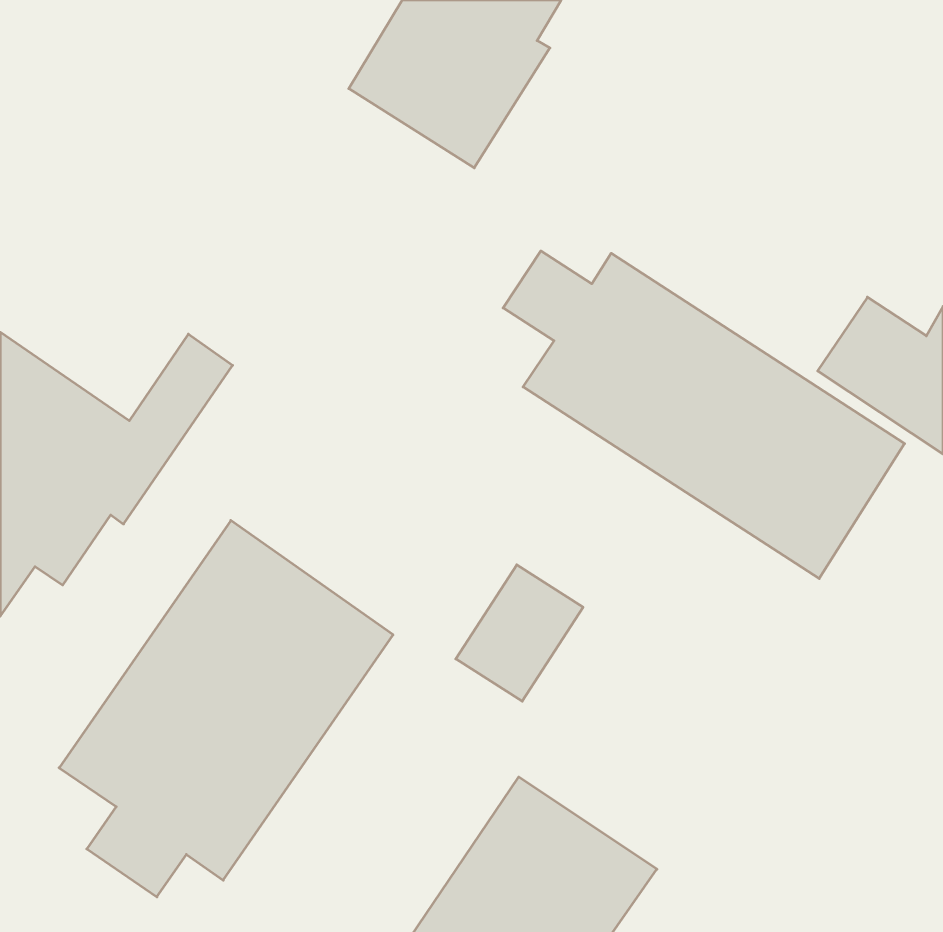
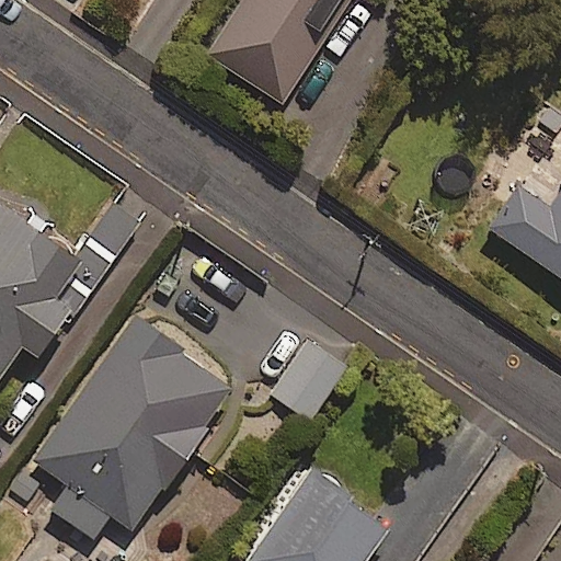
building: [503,251,905,579] -> none

